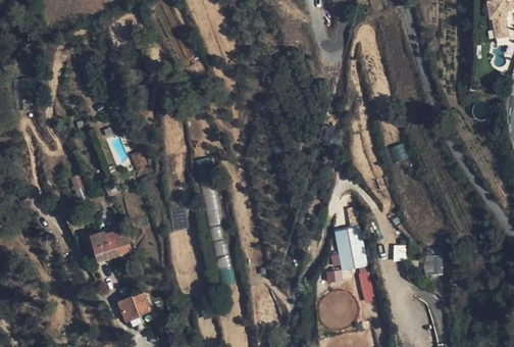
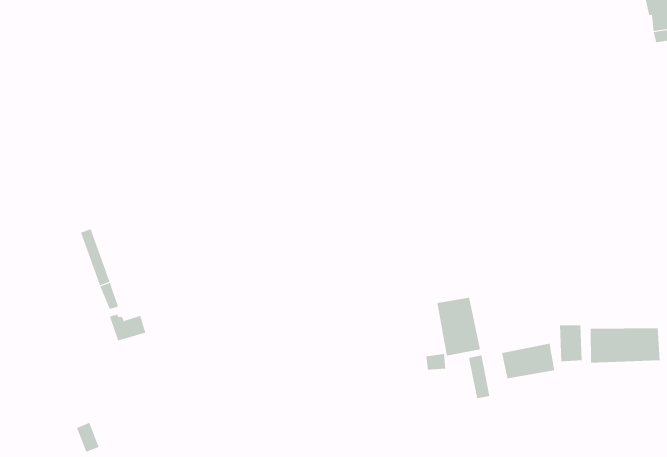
building: none -> [590,327,660,364]
building: none -> [501,343,555,379]
building: [117,294,146,321] -> none

